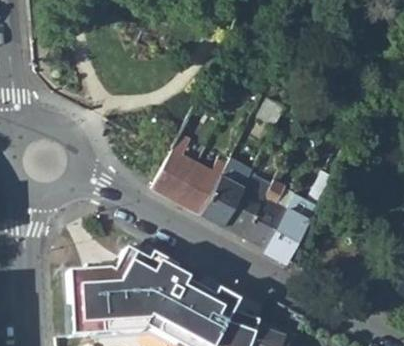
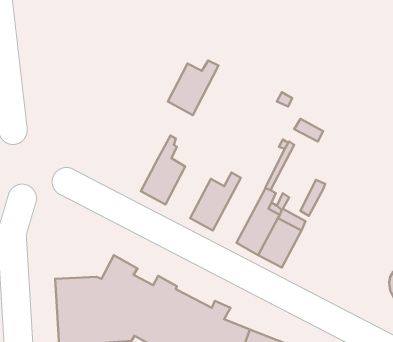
building: [175,160,224,213] -> [168,60,218,115]
building: [221,160,265,237] -> none

